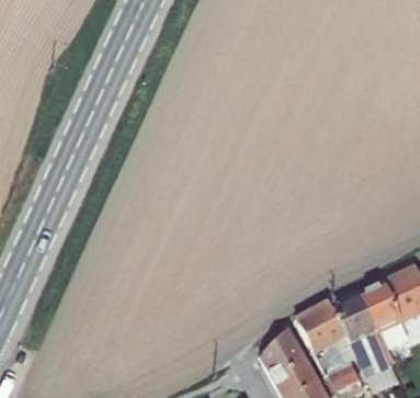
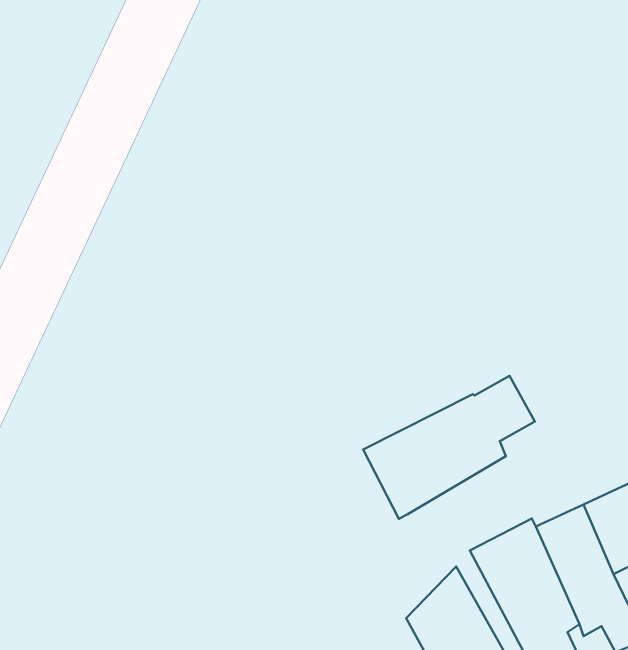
building: none -> [363,376,535,519]

